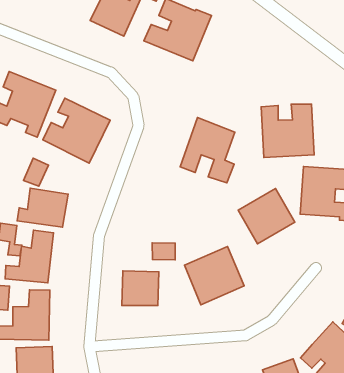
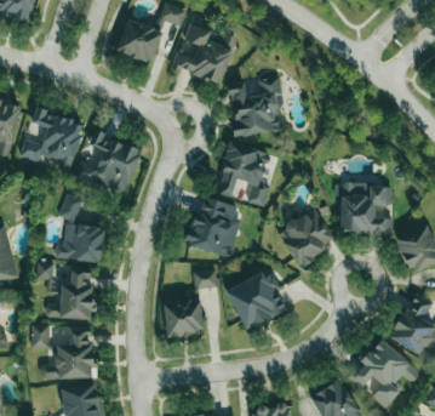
building: [261,104,314,157] -> [228,79,285,136]
building: none -> [187,196,241,257]

